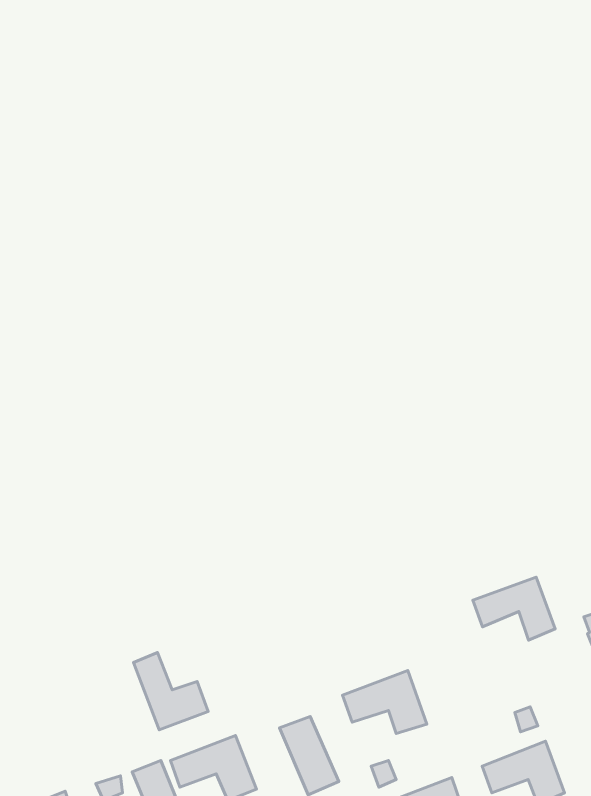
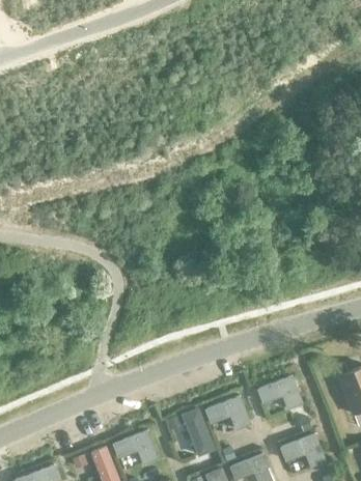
building: [473,577,555,640] -> [258,377,303,412]
building: [133,653,208,730] -> none

